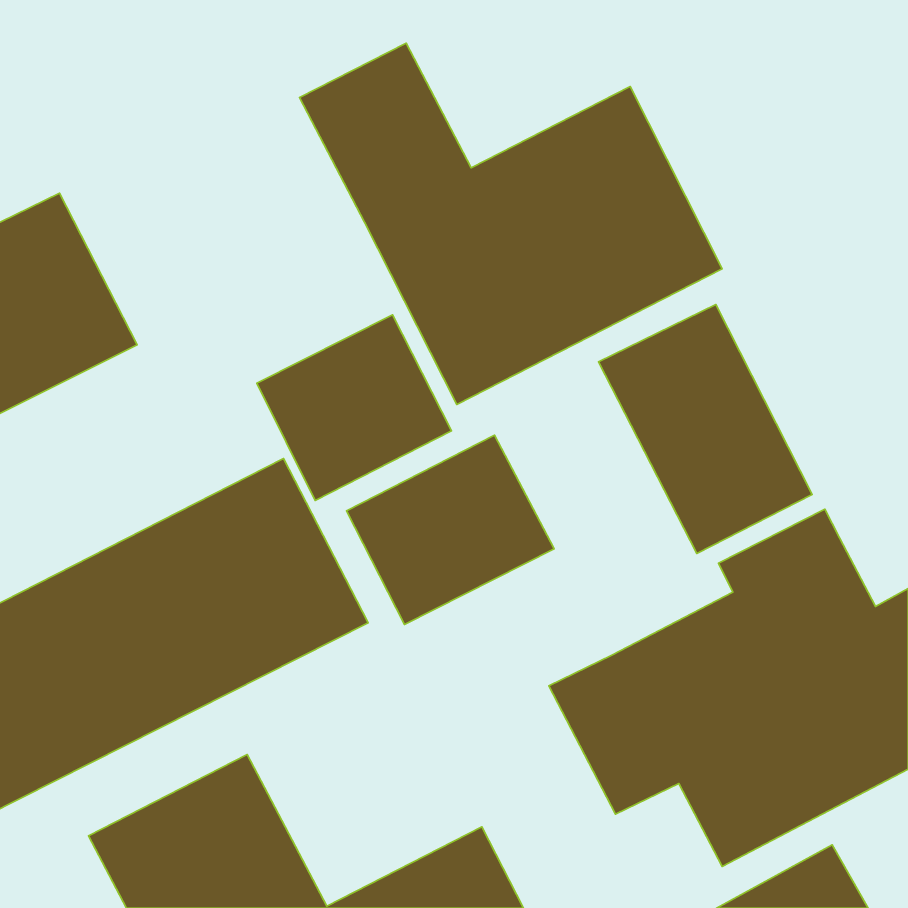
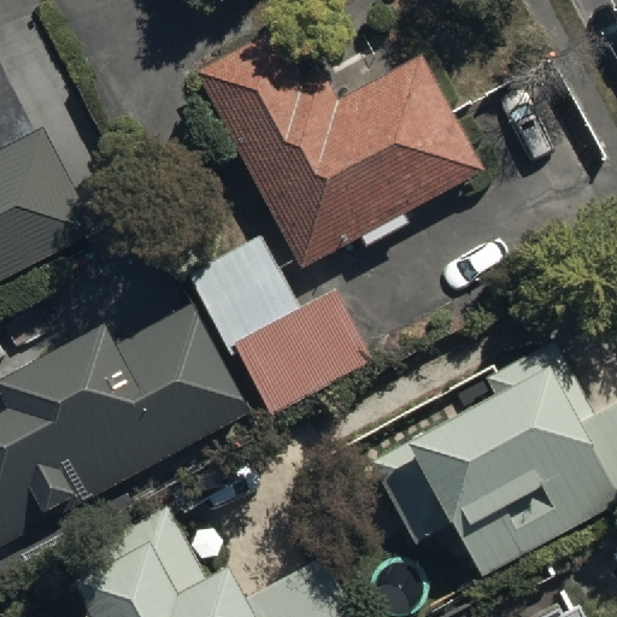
building: [599,304,812,553] -> none
building: [257,315,451,501] -> none

